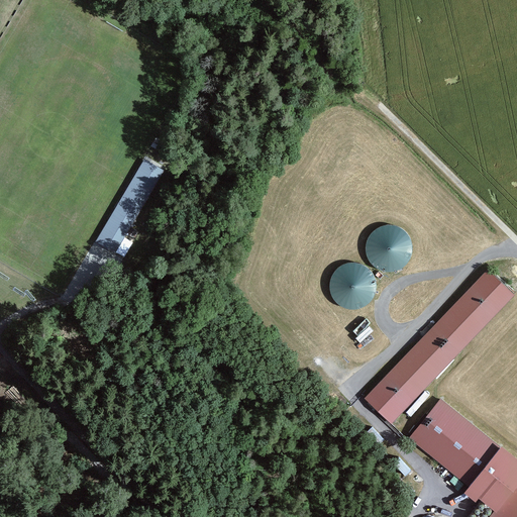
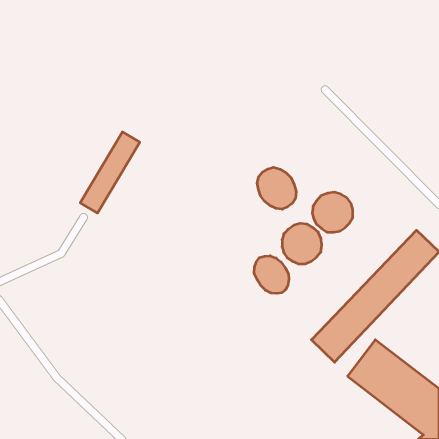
building: none -> [257,167,296,209]
building: none -> [254,256,289,293]

